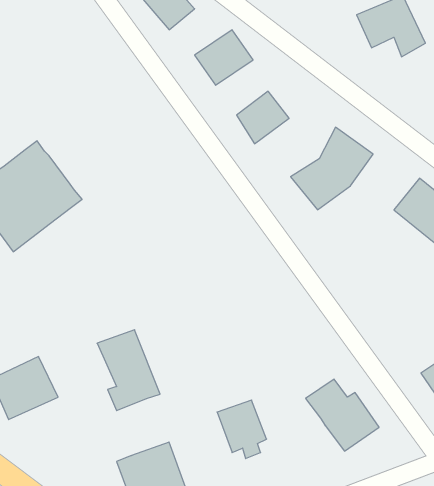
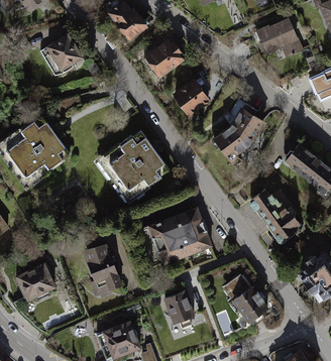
building: none -> [39,31,84,76]
building: none -> [96,128,173,203]
building: none -> [247,188,300,244]
building: none -> [147,206,212,263]

